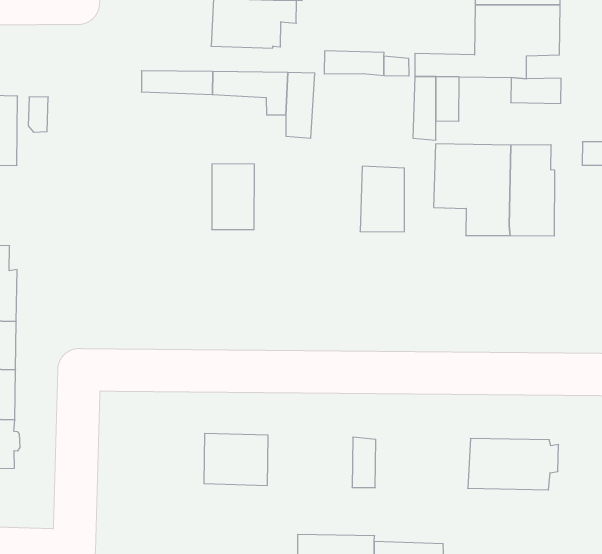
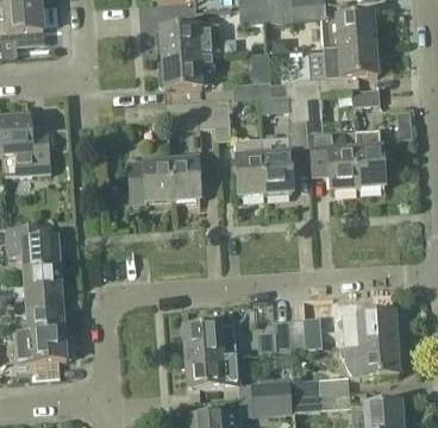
building: none -> [129,146,174,202]
building: none -> [234,139,265,195]
building: none -> [287,319,317,350]
building: none -> [183,353,240,388]
building: none -> [340,341,403,374]

